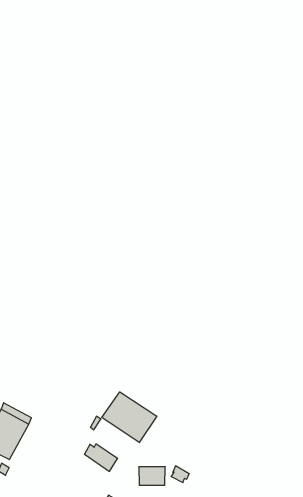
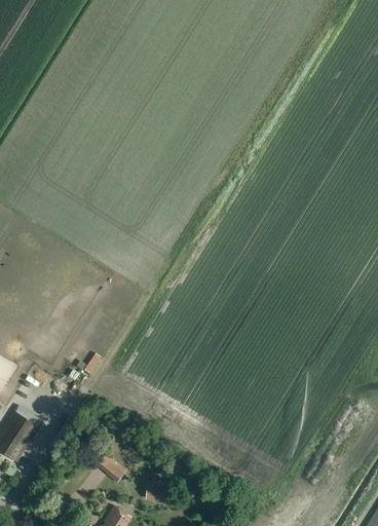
building: [102,392,157,443] -> none

